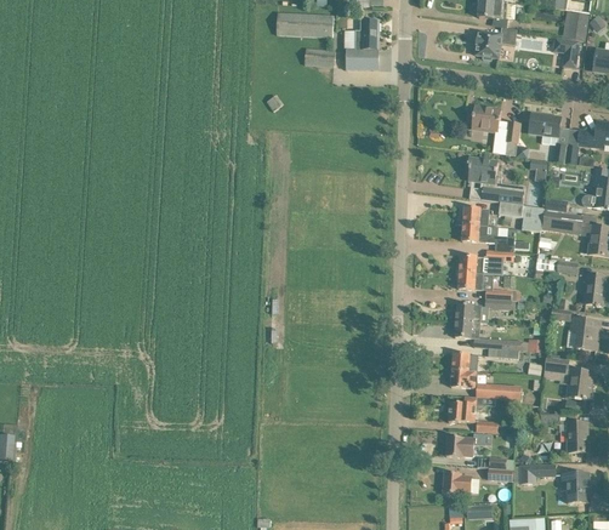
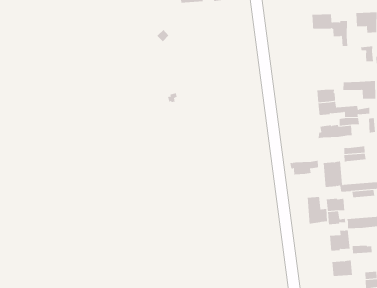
building: [466,158,524,205] -> none
building: [455,272,494,290] -> [290,160,319,175]
building: none -> [307,196,327,225]

